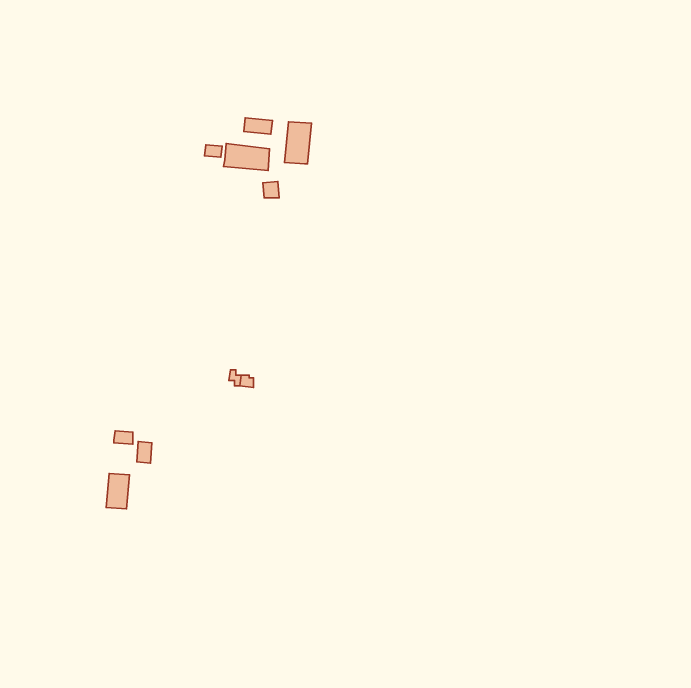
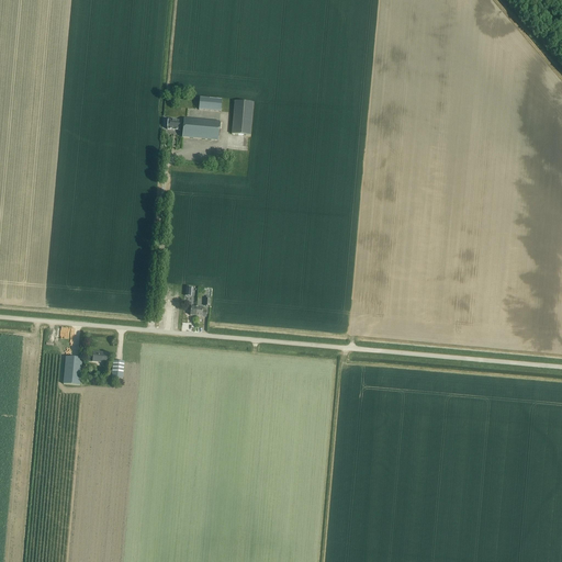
building: [106,474,129,509] -> [63,355,81,383]

